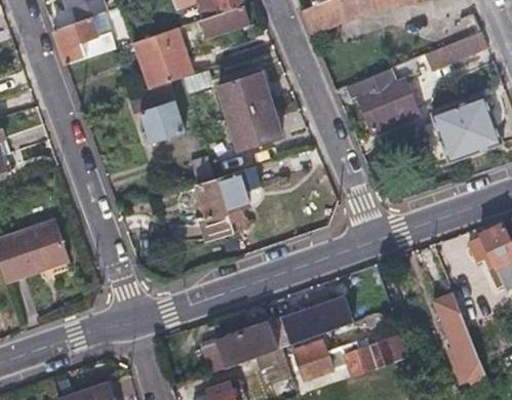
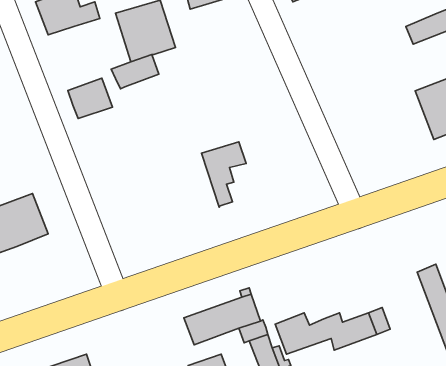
building: [220,74,284,153] -> none
building: [357,74,413,129] -> none
building: [143,102,187,142] -> [68,78,112,119]
building: [198,179,236,242] -> none
building: [282,292,360,343] -> none

